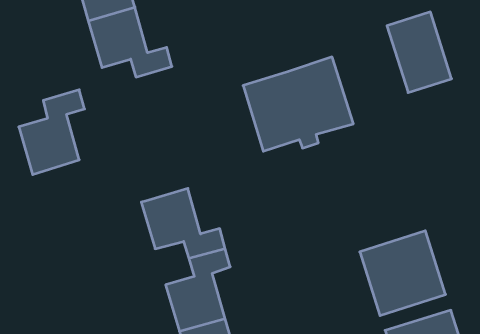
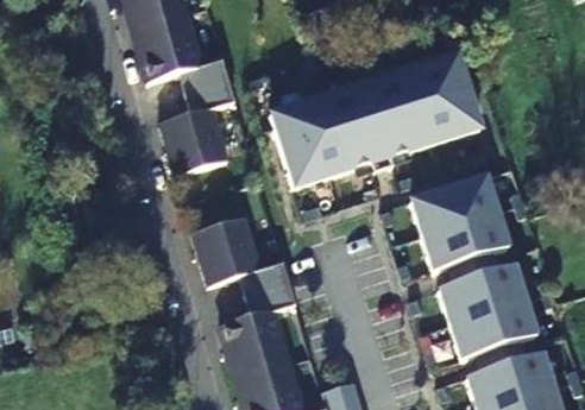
building: [387,12,452,93] -> [408,52,480,143]
building: none -> [271,100,331,185]
building: [19,90,85,175] -> [161,78,234,174]
building: none -> [410,175,508,270]

